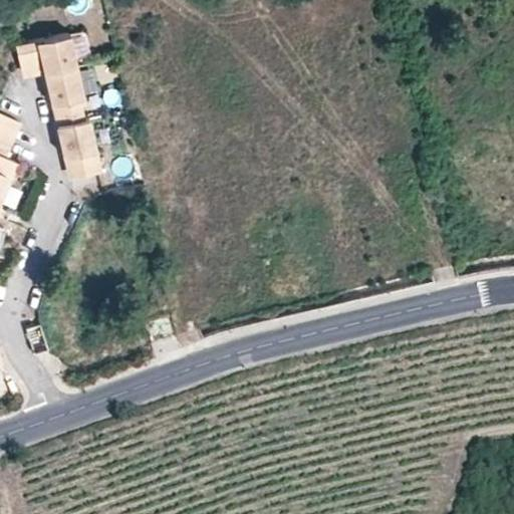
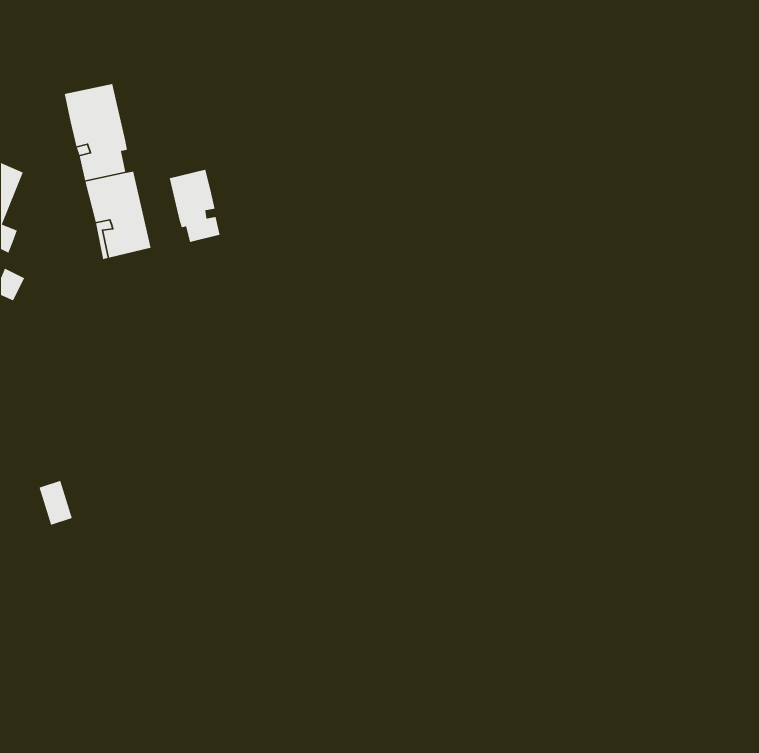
building: [12,33,76,73] -> none
building: none -> [169,169,221,243]

